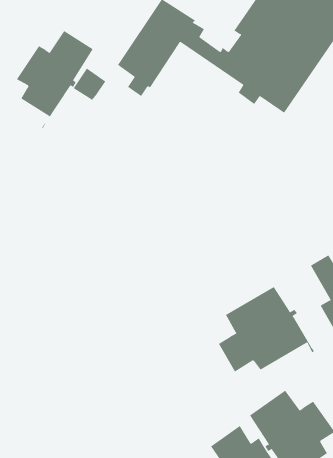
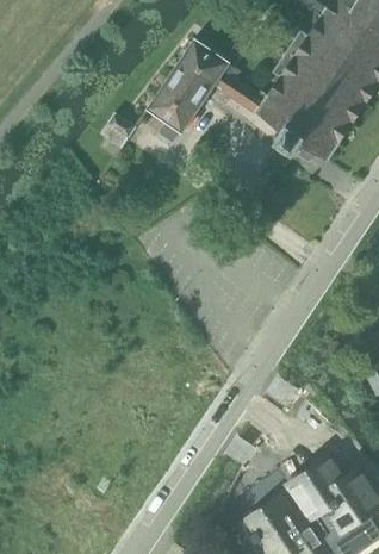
building: [16,30,93,129] -> none
building: [218,286,315,372] -> none

